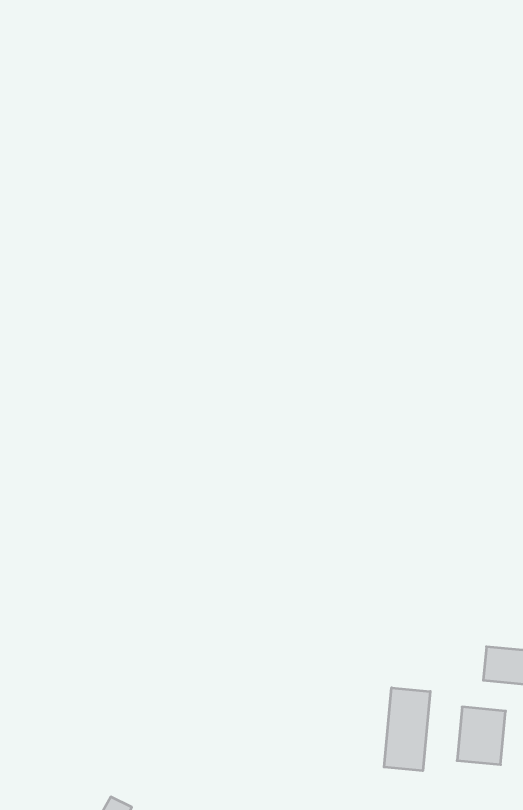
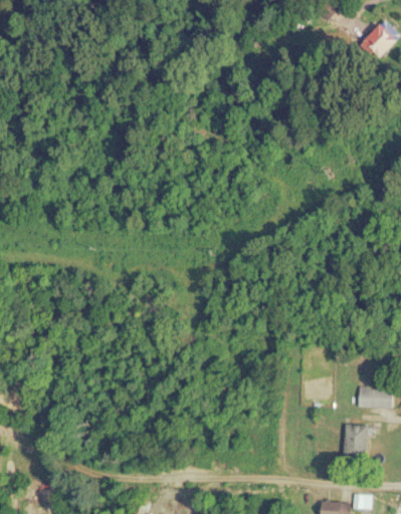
building: [384,688,430,771] -> none

